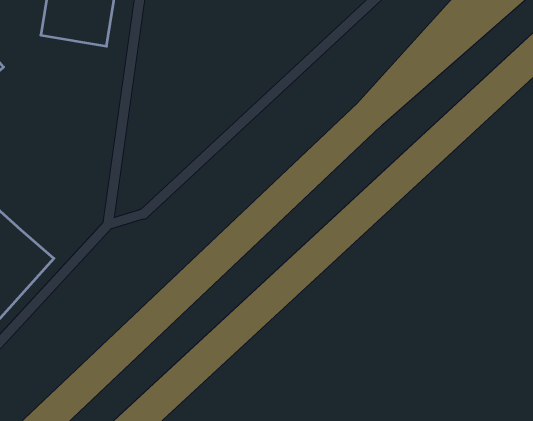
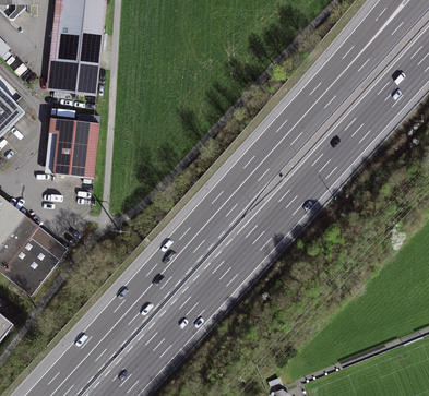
building: none -> [50,122,94,172]

